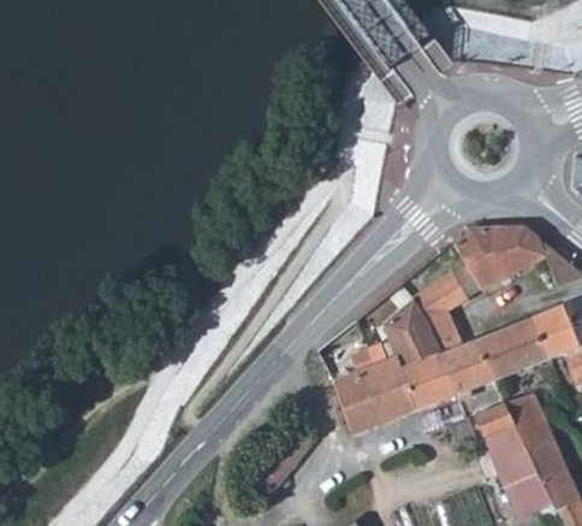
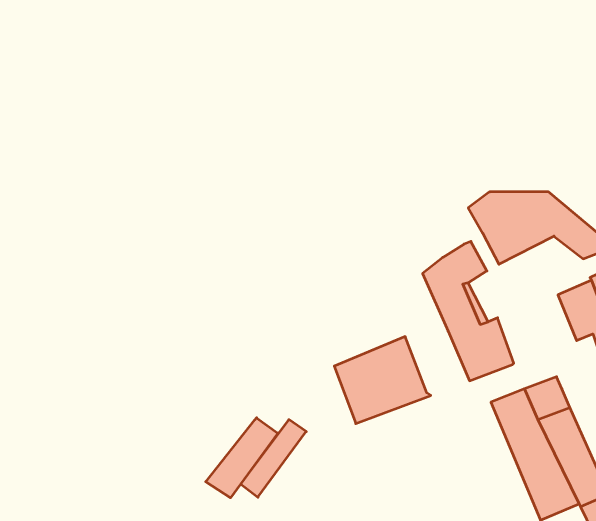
building: [385,299,455,408] -> none
building: [480,318,551,379] -> none
building: none -> [206,418,278,498]

